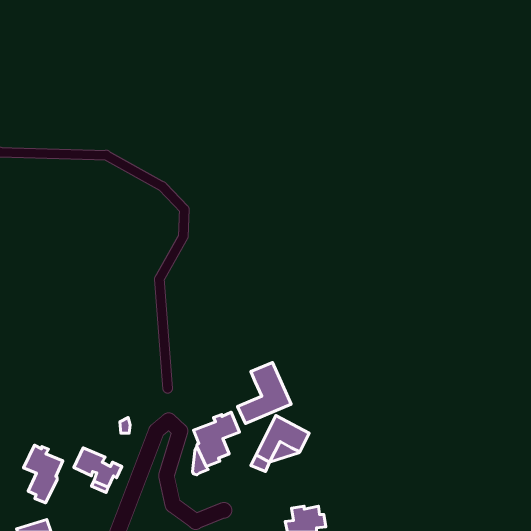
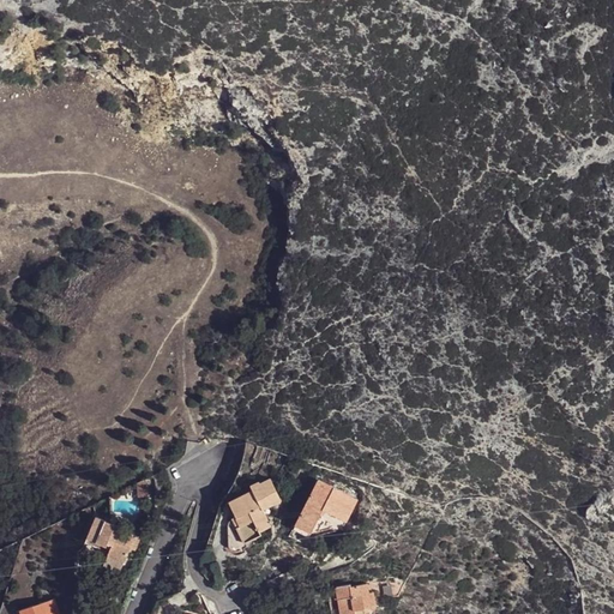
building: [238,362,291,423] -> none
building: [24,445,63,503] -> none

